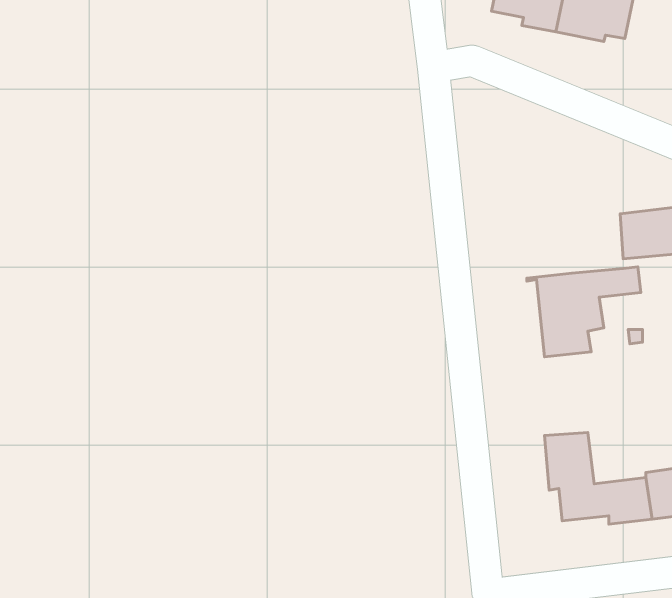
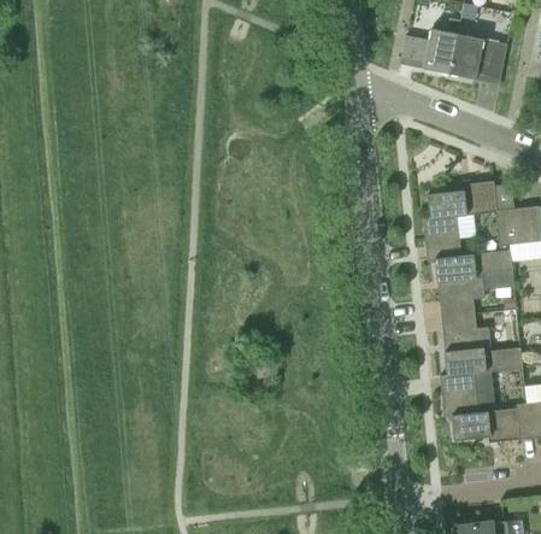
building: none -> [423,181,498,258]
building: none -> [440,313,523,376]

